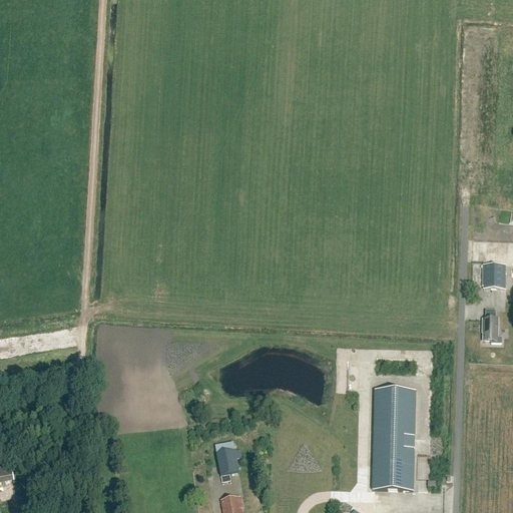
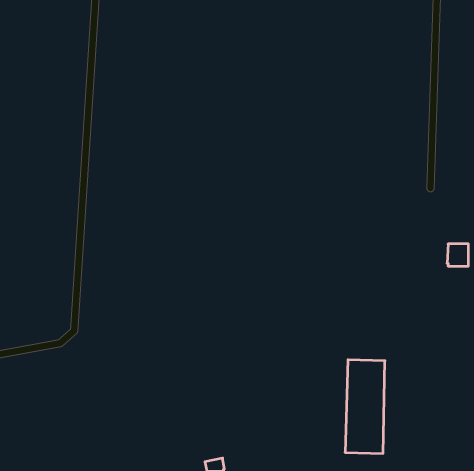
building: [483,309,502,343] -> none
building: [215,441,237,463] -> none

